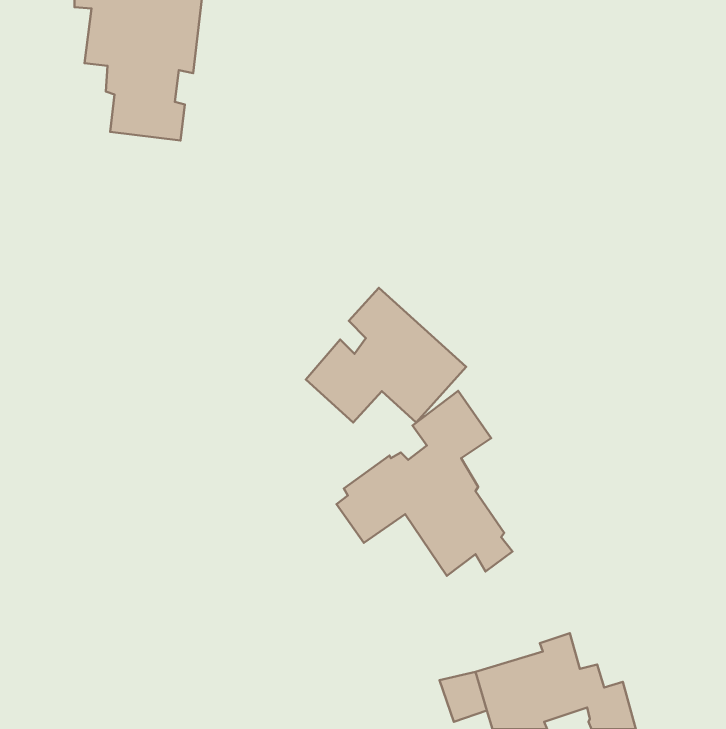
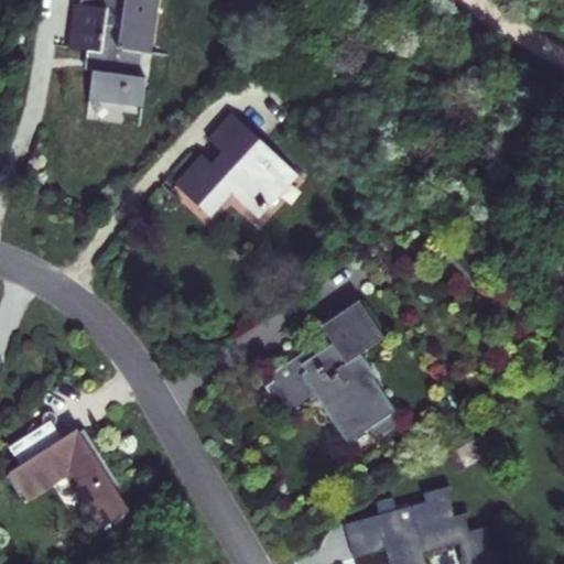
building: [306,288,466,423] -> [176,115,300,218]
building: none -> [9,411,130,529]

